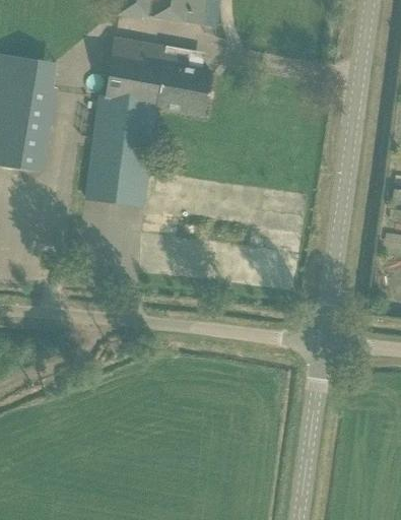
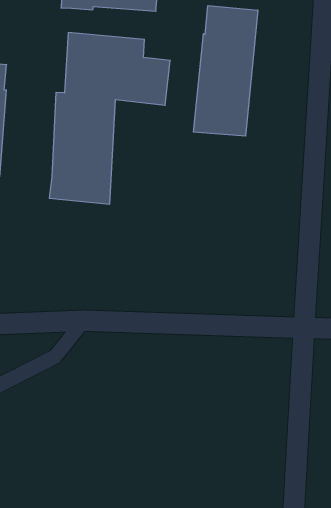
building: none -> [194,6,258,136]

